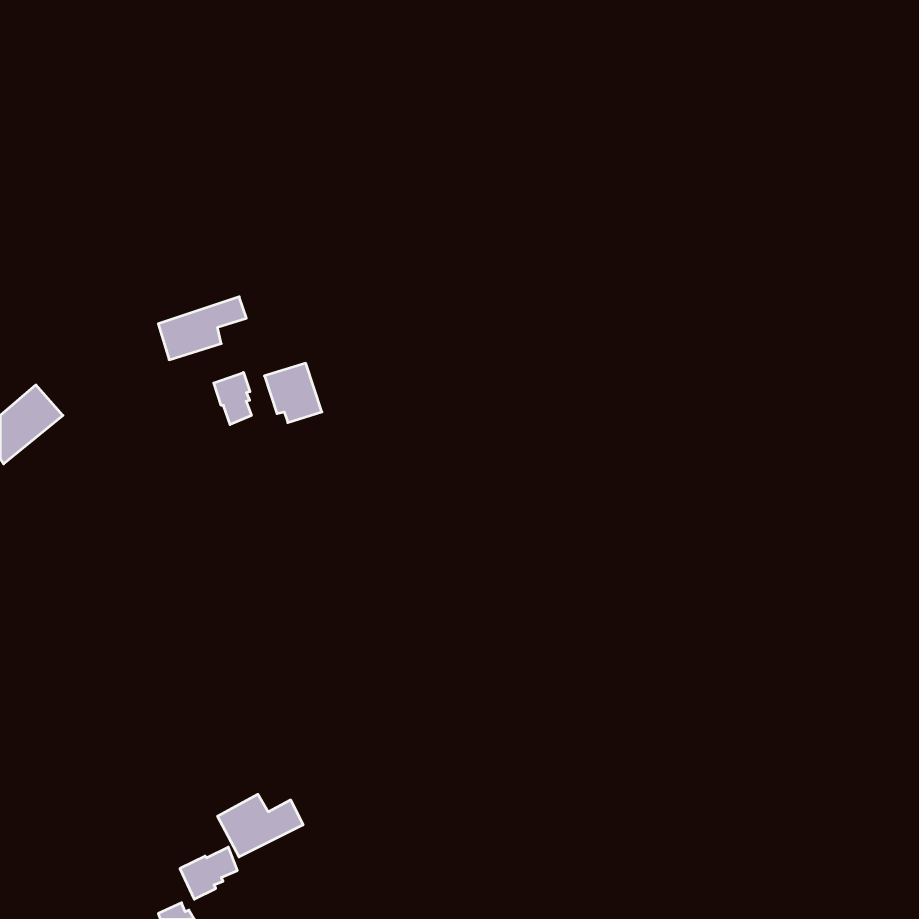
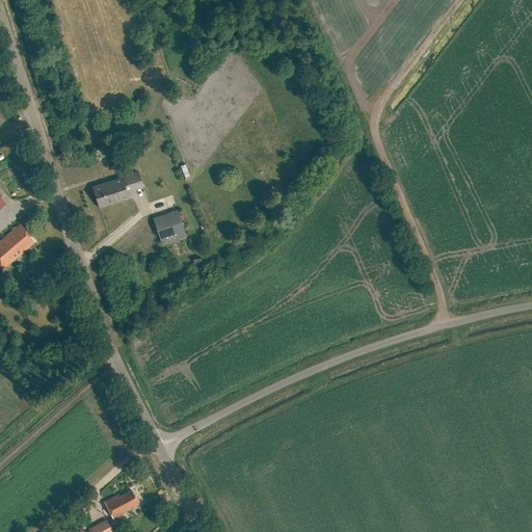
building: [214,372,251,425] -> none
building: [218,794,303,857] -> none

